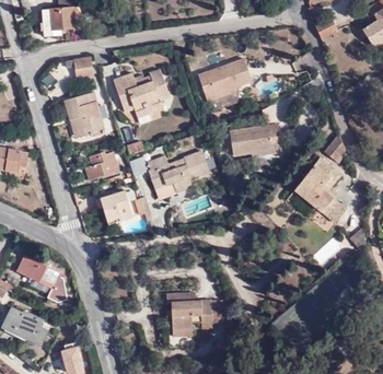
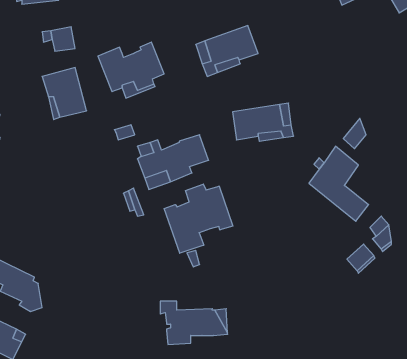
building: [83,145,116,179] -> none
building: [95,191,132,221] -> none
building: none -> [164,184,233,253]

